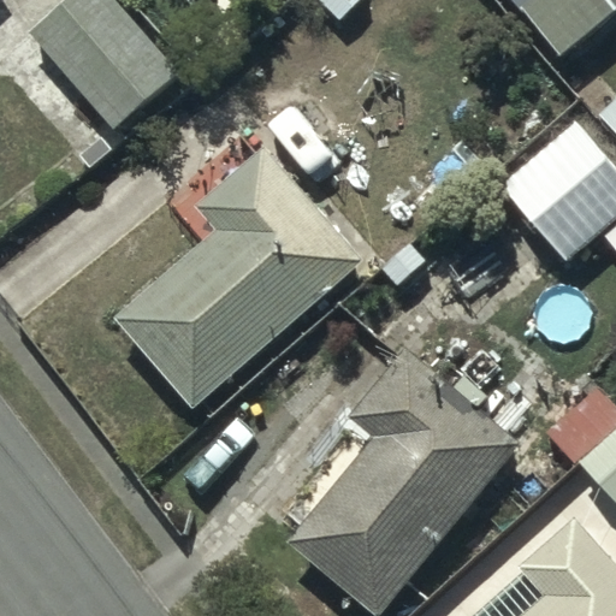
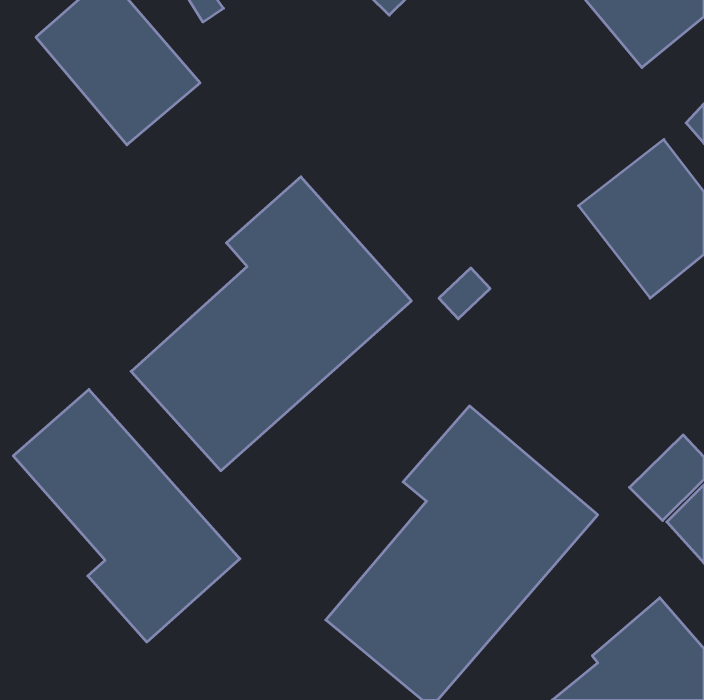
building: none -> [13,389,240,642]

